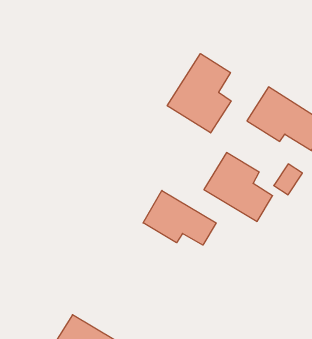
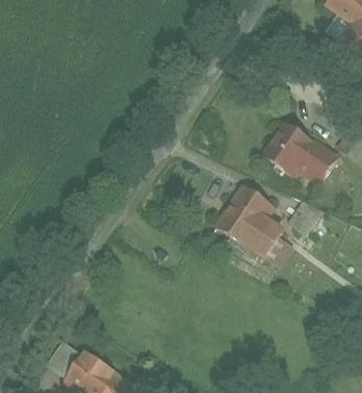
building: [167,54,231,133] -> none
building: [143,190,216,245] -> none

